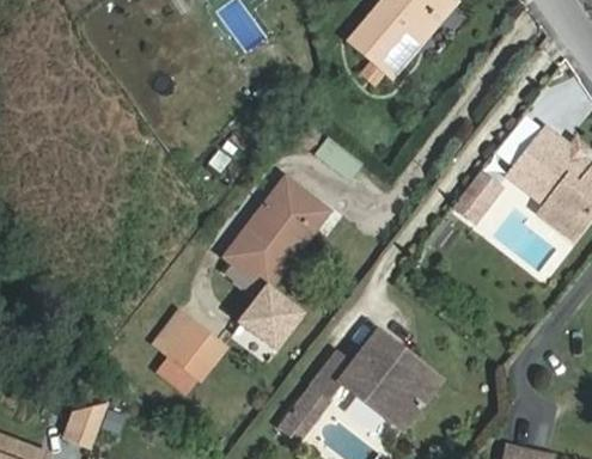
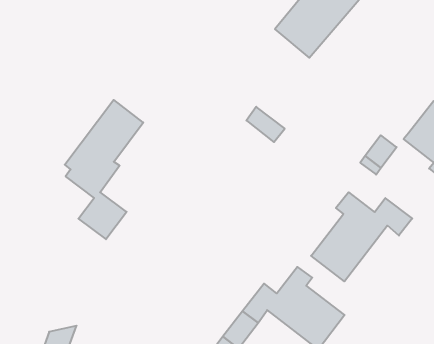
building: [225,177,321,347] -> [65,100,143,239]
building: none -> [311,192,412,281]
building: [167,323,224,378] -> none

